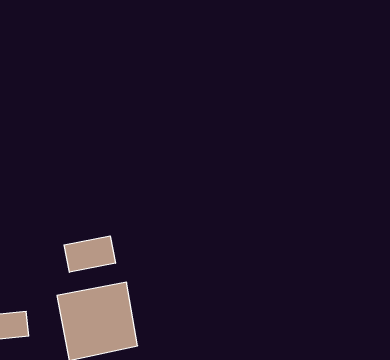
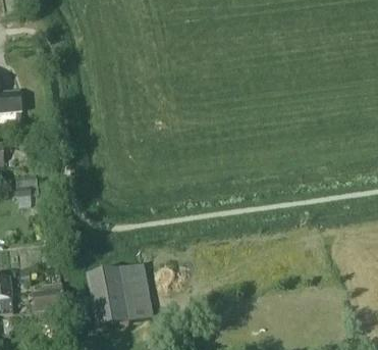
building: [64,236,115,272] -> none

